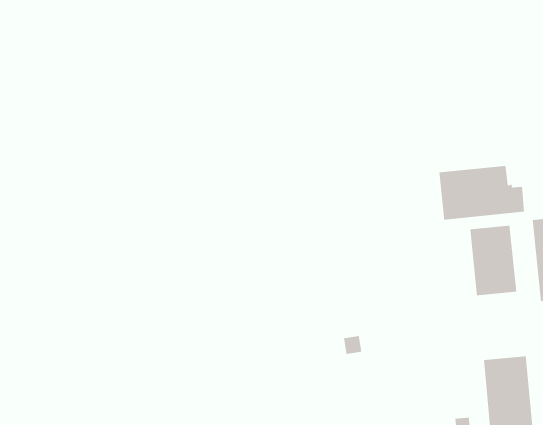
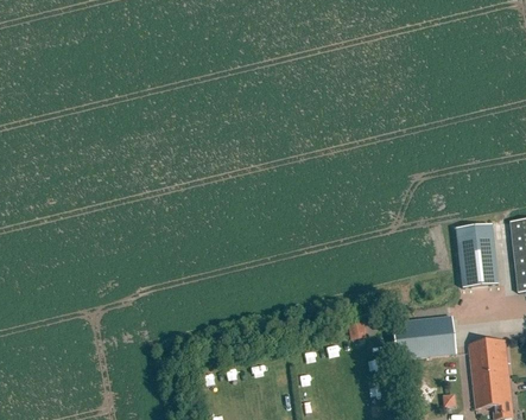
building: [439,165,524,221] -> none
building: none -> [391,314,455,358]

